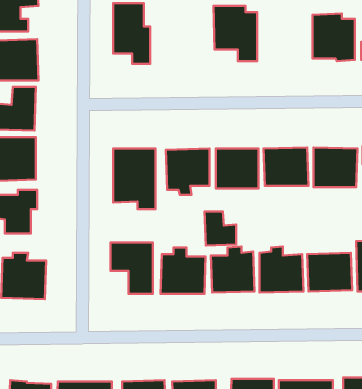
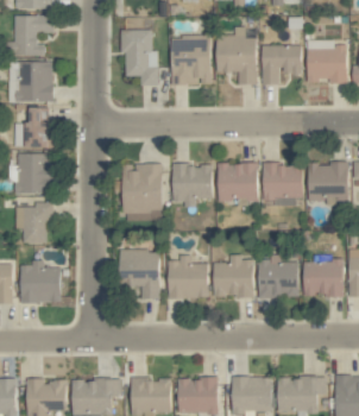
building: none -> [170,36,210,84]
building: none -> [262,45,301,83]
building: [205,212,236,246] -> none

